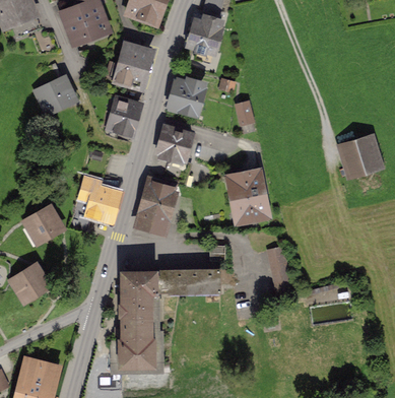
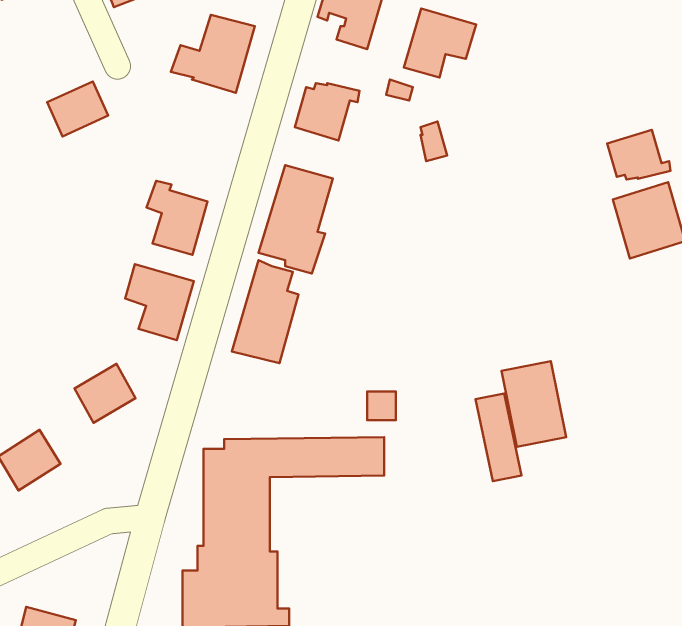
building: none -> [404,8,476,78]
building: [106,95,138,135] -> [147,181,208,255]
building: none -> [607,130,671,180]
building: [232,173,266,218] -> [501,361,566,447]
building: [27,208,60,240] -> [75,364,136,423]

